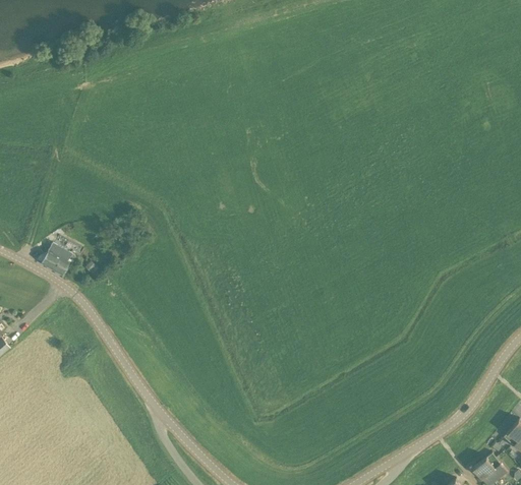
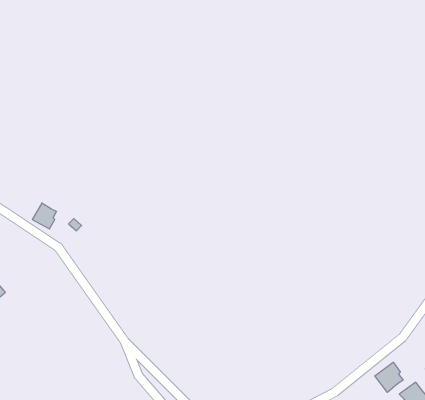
building: none -> [375,362,403,392]

